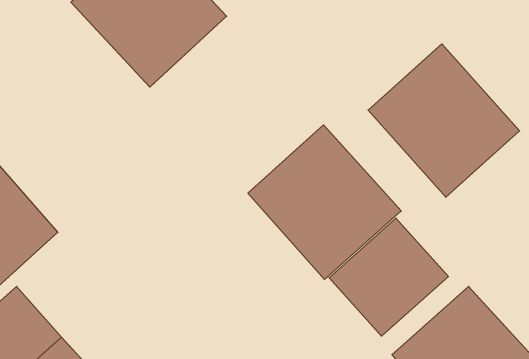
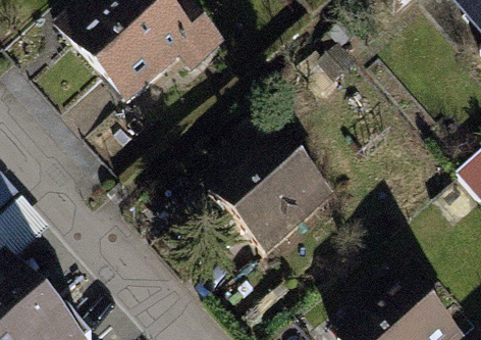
building: [368,44,520,197] -> none
building: [329,218,448,336] -> none

